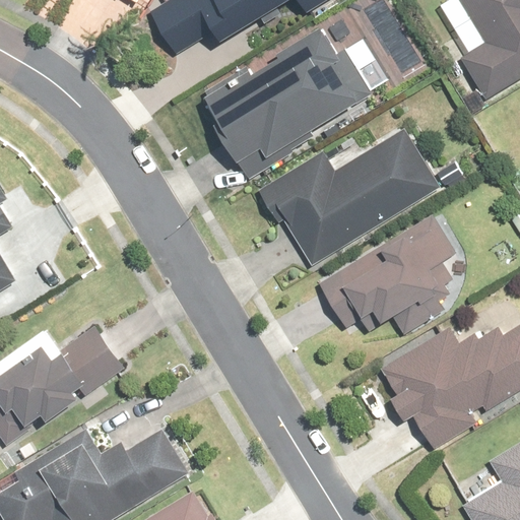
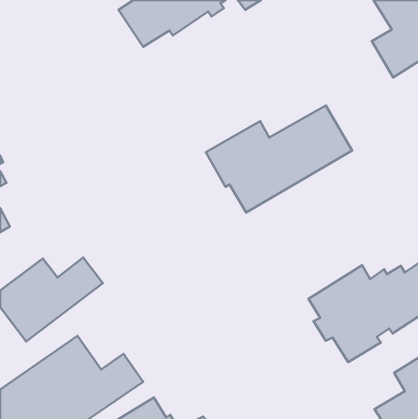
building: [198,26,372,179] -> none
building: [321,215,457,340] -> none

